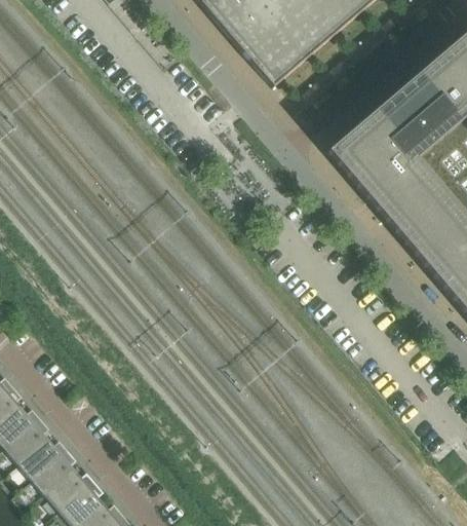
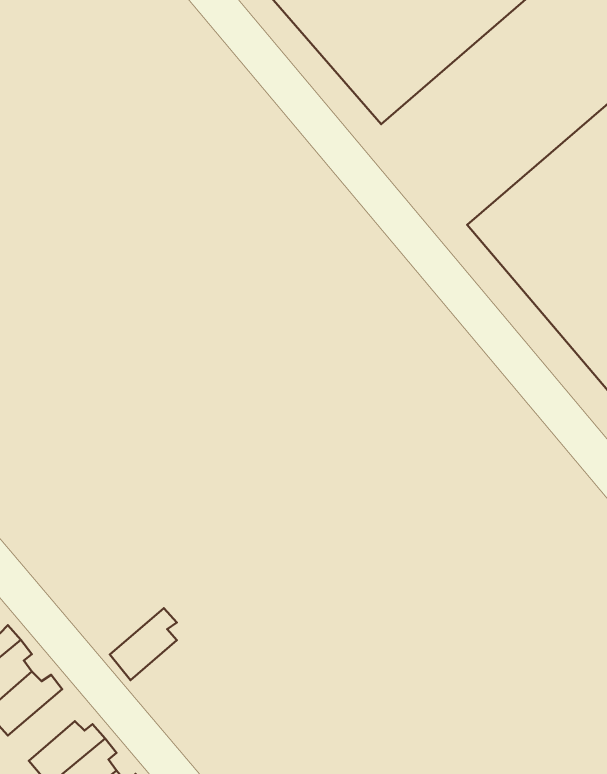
building: [34,448,77,494] -> [110,608,177,680]

